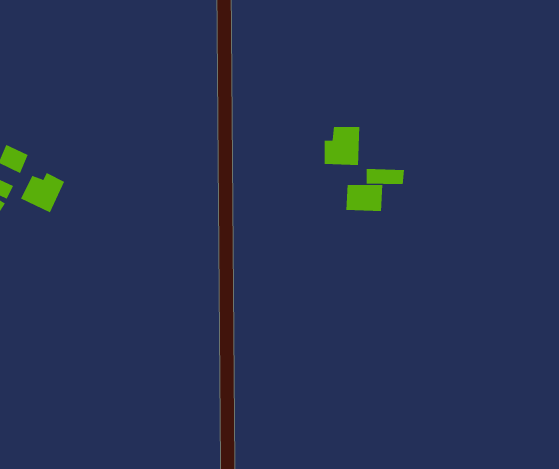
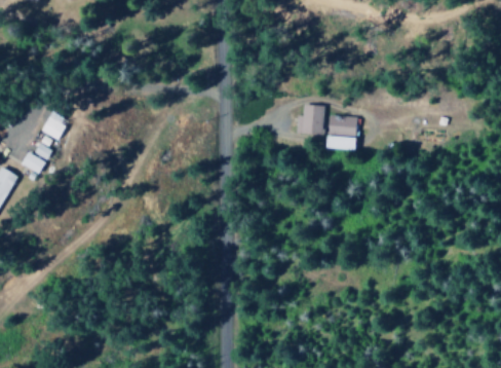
building: [20,172,65,213] -> none
building: [345,185,383,212] -> [326,116,355,137]

